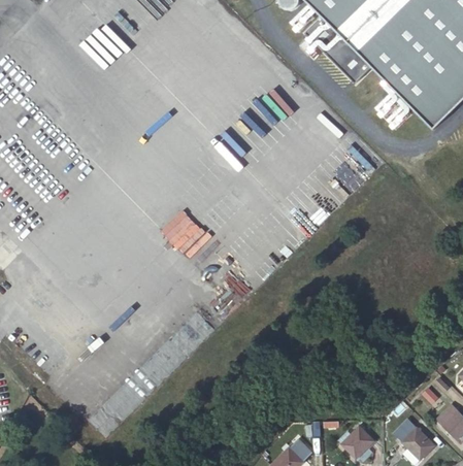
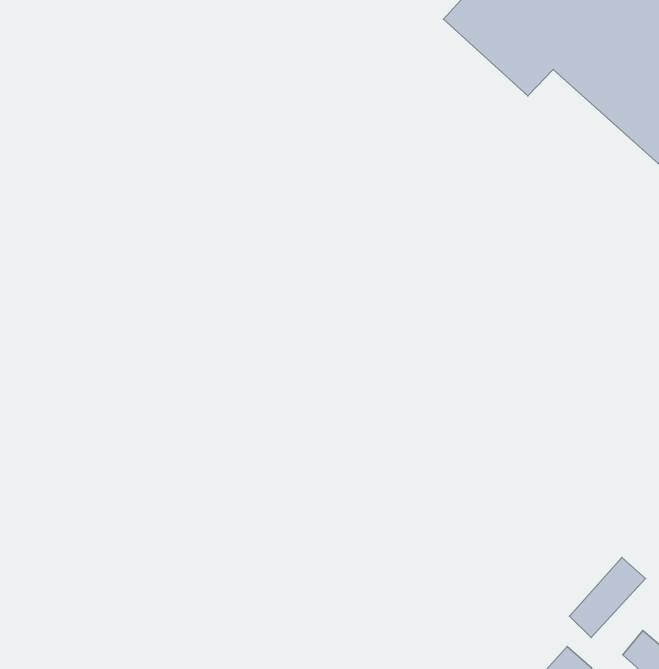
building: none -> [569,557,646,638]

